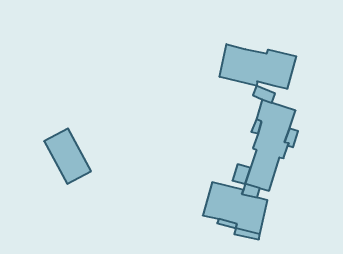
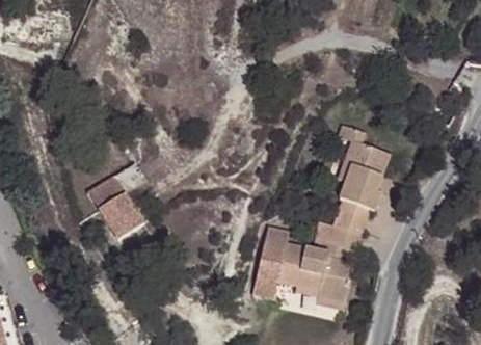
building: [220,44,296,89] -> none
building: none -> [251,224,291,298]

